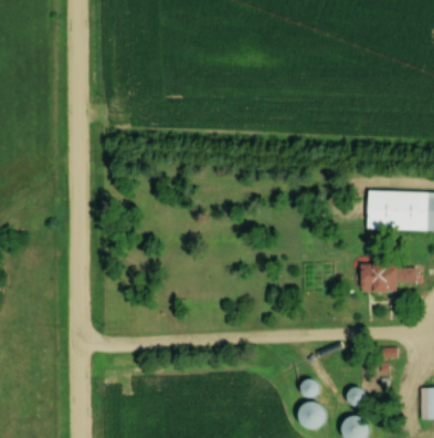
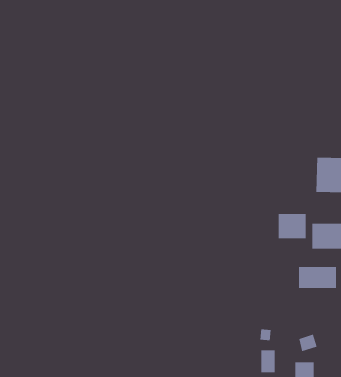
building: none -> [278,213,306,239]
building: none -> [299,266,336,289]

